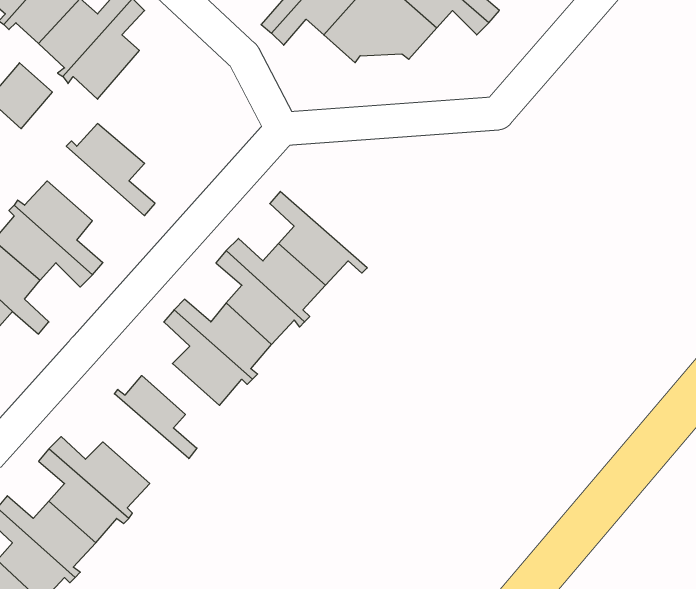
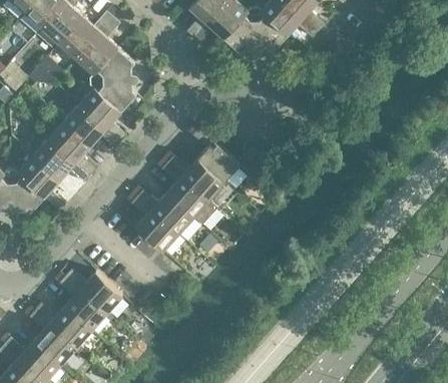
building: none -> [89,47,135,112]
building: none -> [63,102,119,149]
building: [114,376,197,459] -> none

